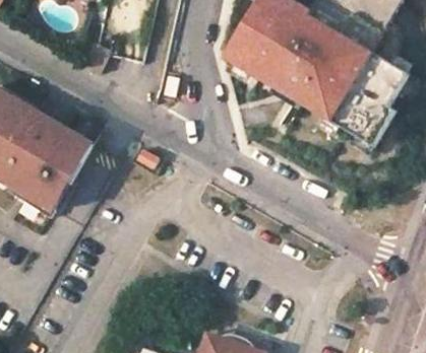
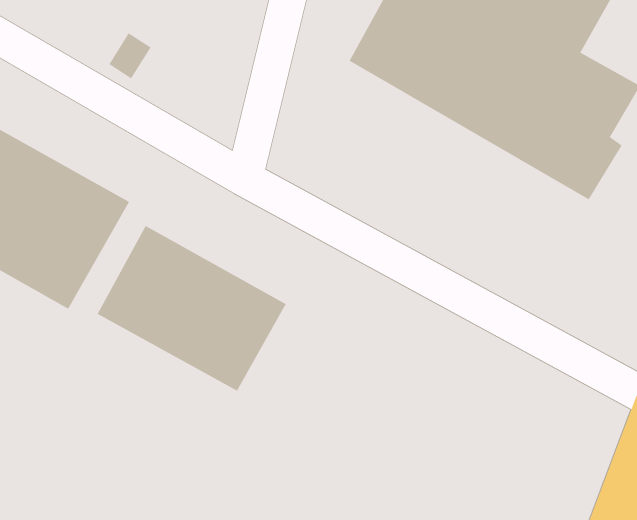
building: none -> [97,225,286,392]

